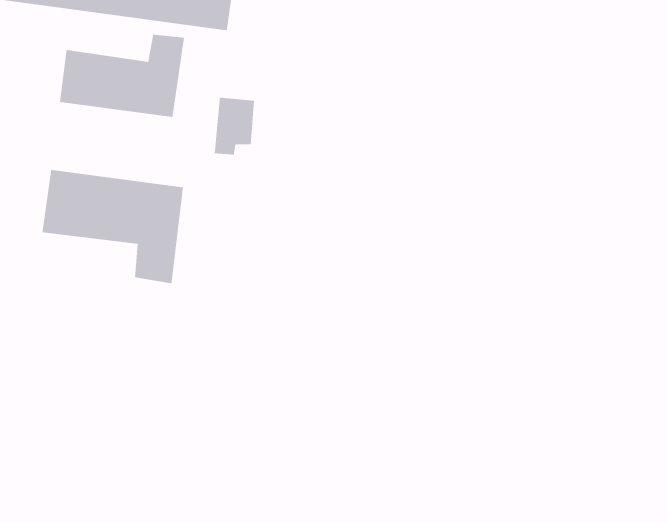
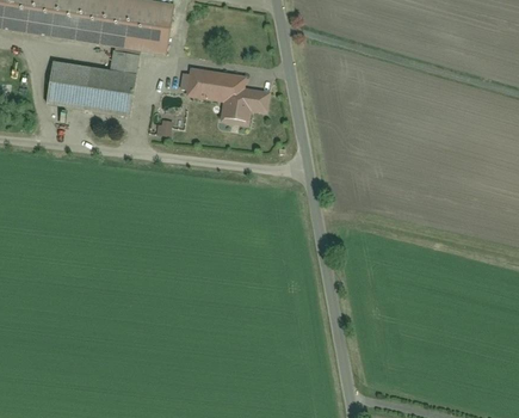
building: none -> [186,68,268,124]
building: [42,169,183,284] -> none

